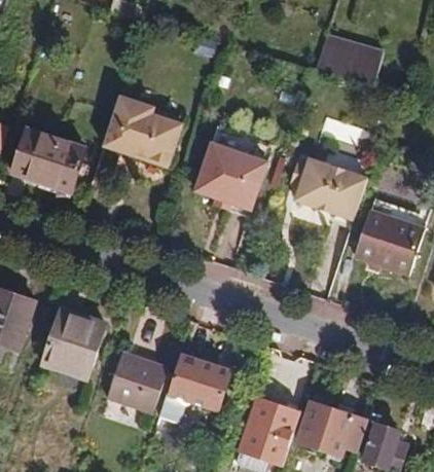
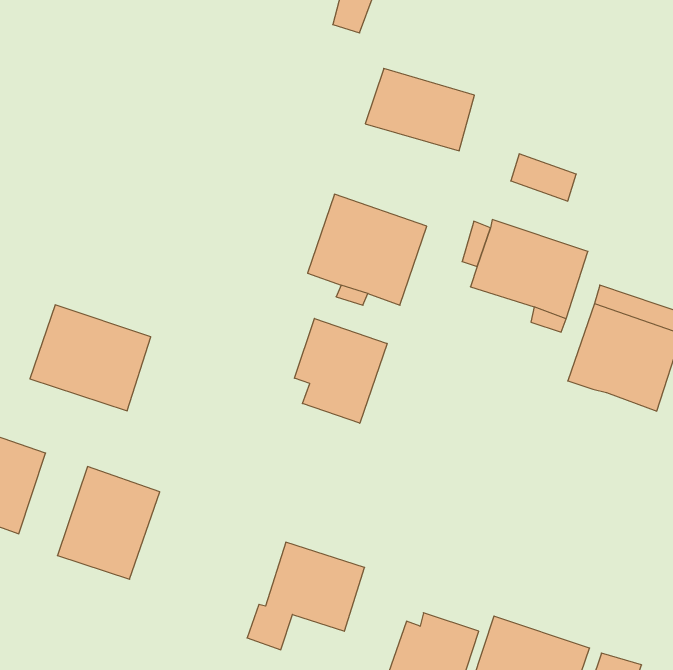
building: [316,35,383,85] -> [365,68,474,151]
building: [102,95,183,167] -> none
building: [11,128,85,192] -> [30,305,151,411]
building: none -> [294,318,387,423]
building: [107,352,169,411] -> none

